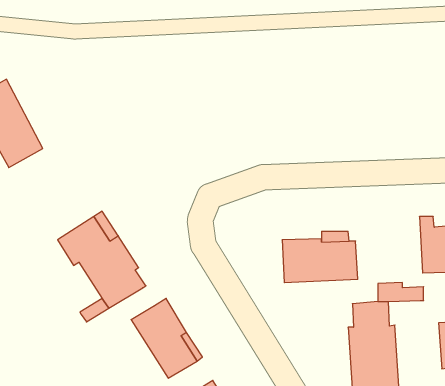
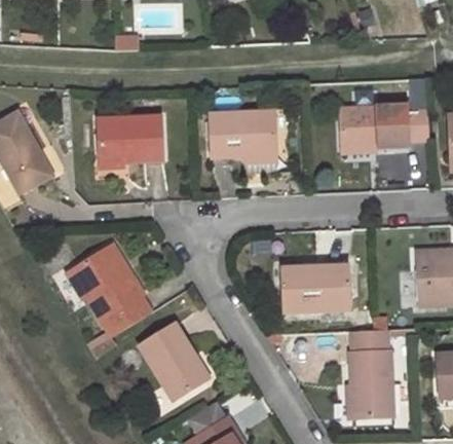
building: none -> [343,104,432,150]
building: none -> [210,109,276,171]
building: none -> [95,113,157,161]

